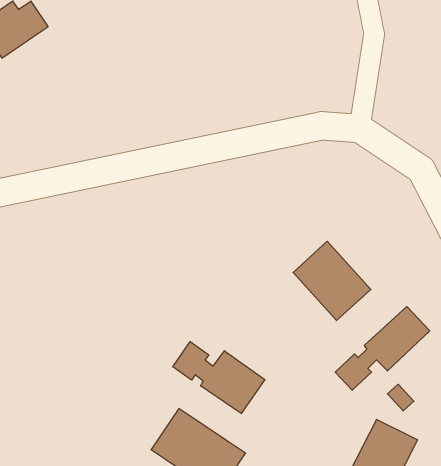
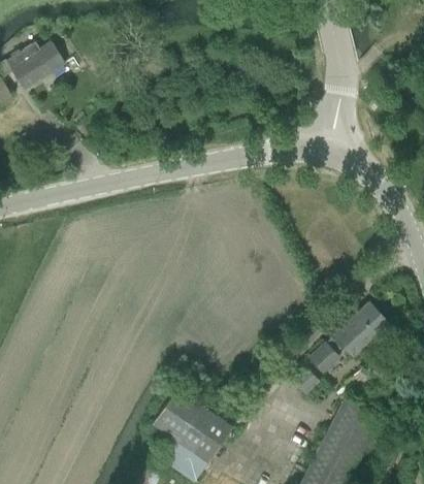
building: [293,241,371,321] -> none
building: [173,342,265,414] -> none

